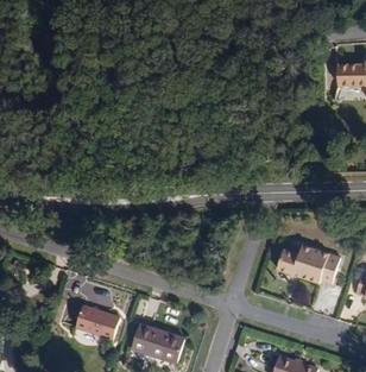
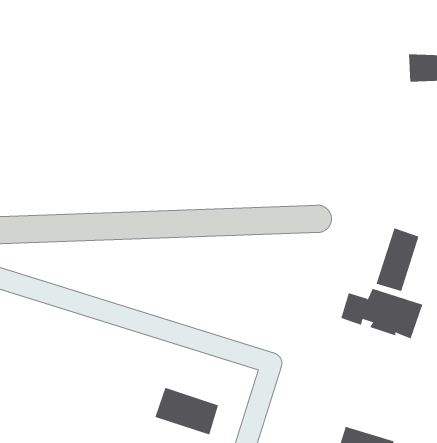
building: none -> [376,227,419,292]
building: [70,304,114,338] -> none

